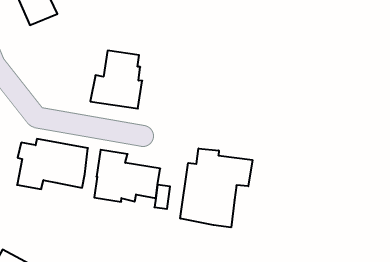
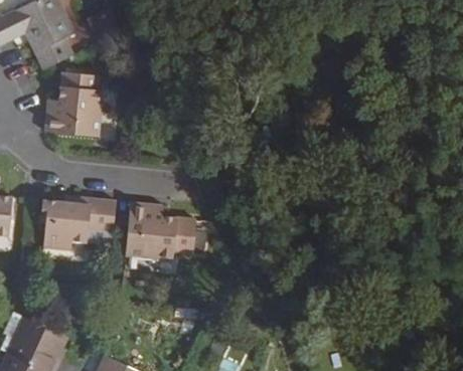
building: [90,51,142,109] -> [44,72,101,135]
building: [180,148,252,227] -> none

